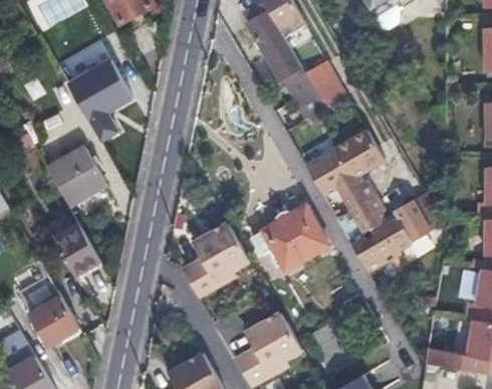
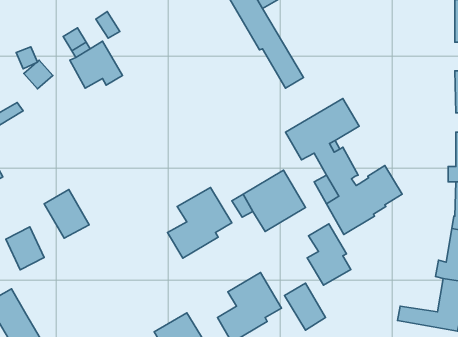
building: [305,60,347,108] -> none
building: [46,145,107,206] -> none
building: none -> [307,224,351,285]
building: [30,295,81,347] -> none

